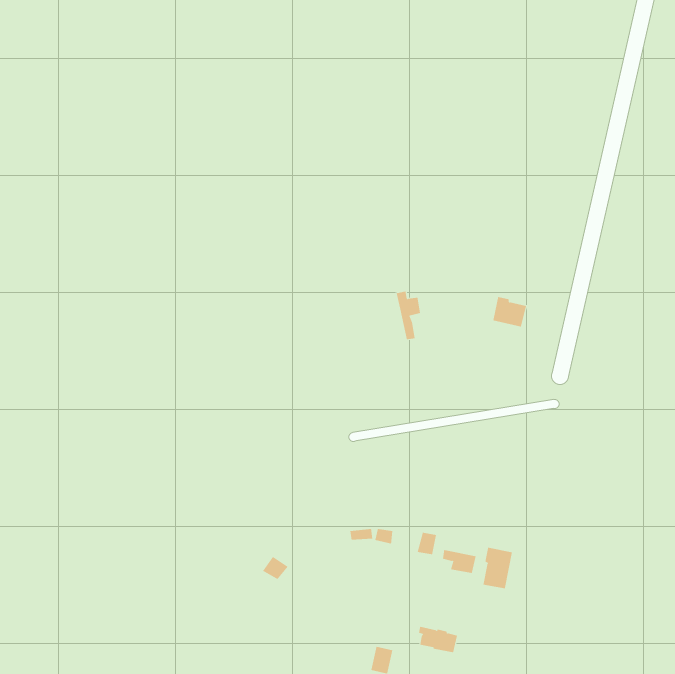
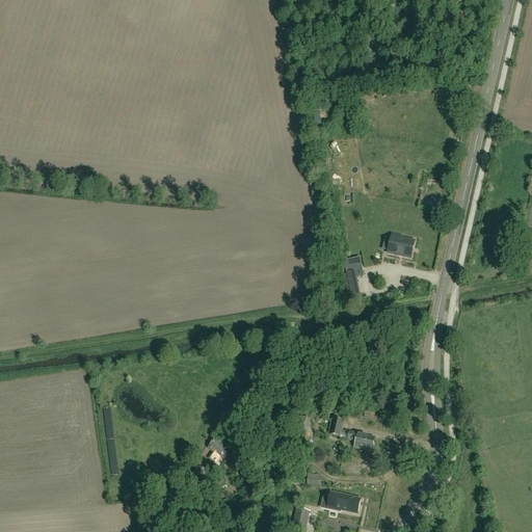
building: [396,291,421,340] -> [343,257,363,295]
building: [483,547,513,589] -> none

